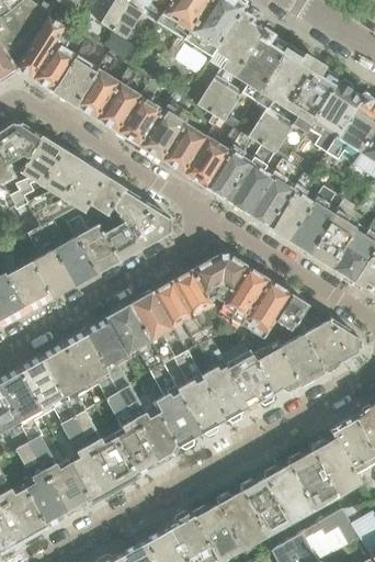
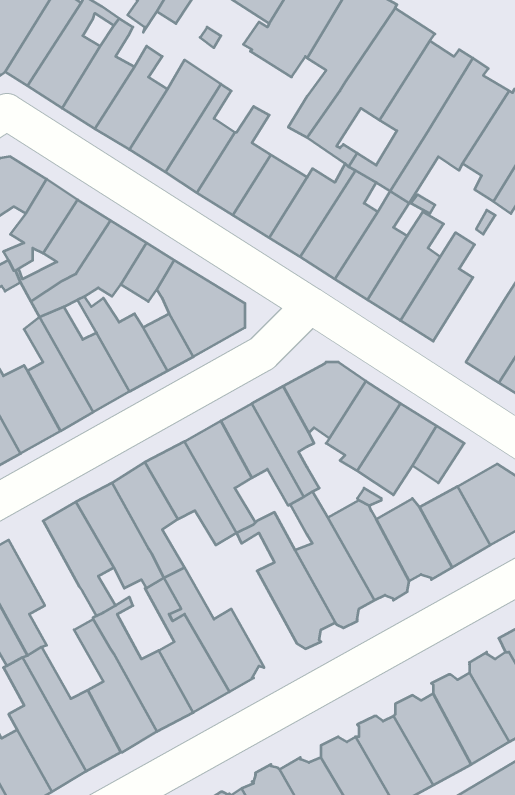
building: [289,186,337,255] -> none
building: [20,356,76,425] -> none
building: [151,363,203,450] -> none

